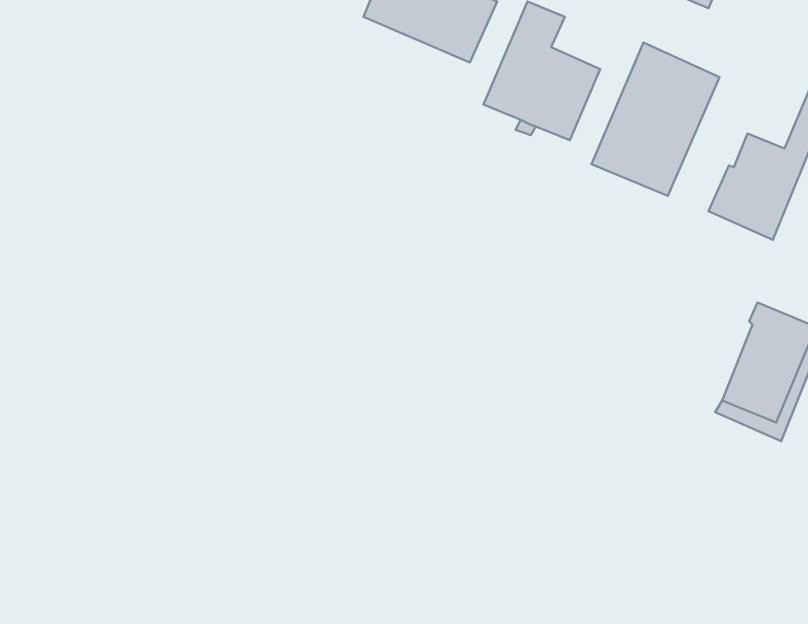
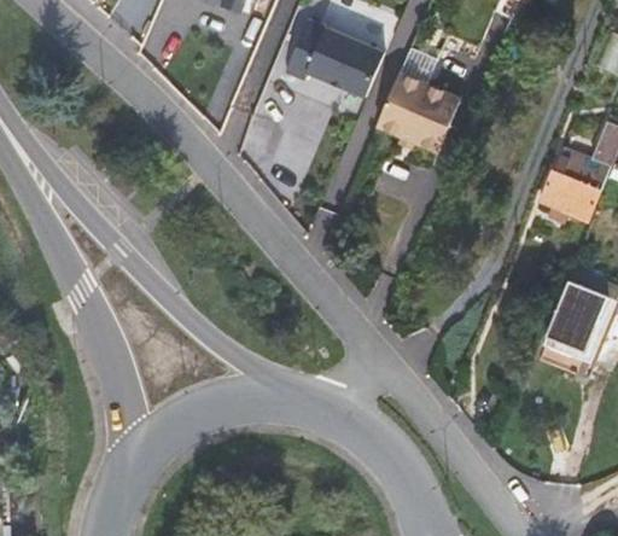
building: [592,42,720,196] -> none

